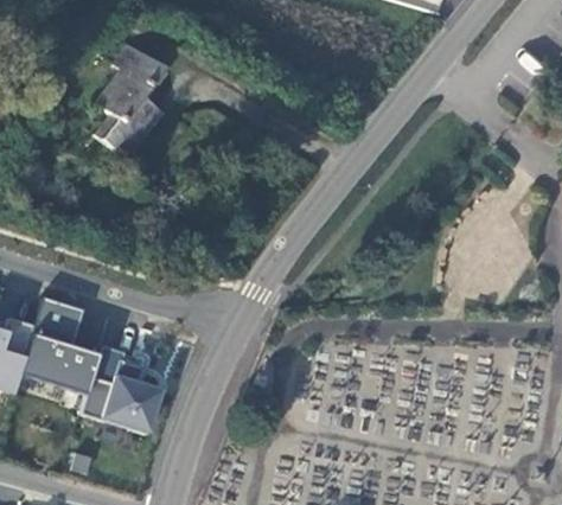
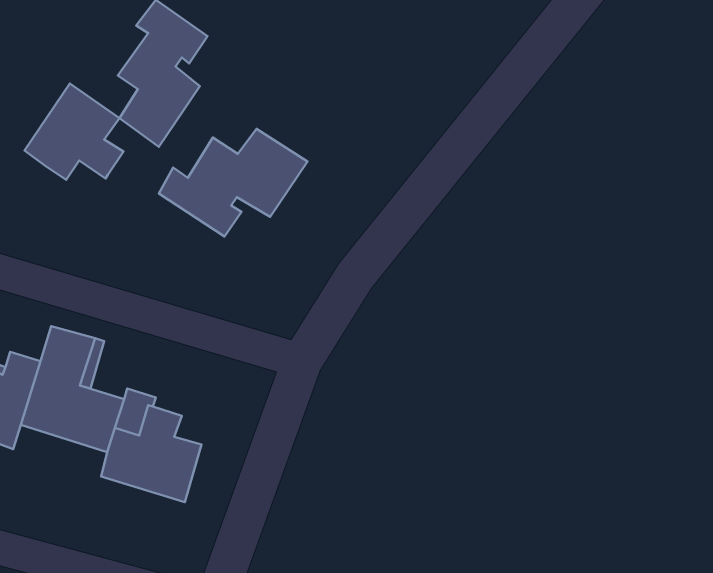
building: none -> [25,83,123,180]
building: none -> [159,129,308,236]

